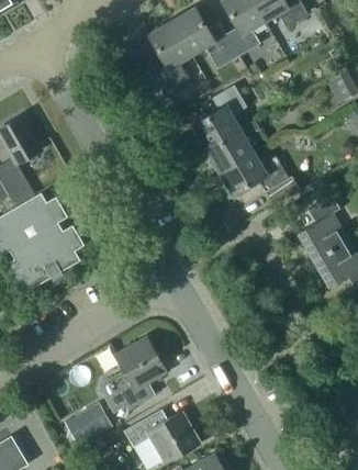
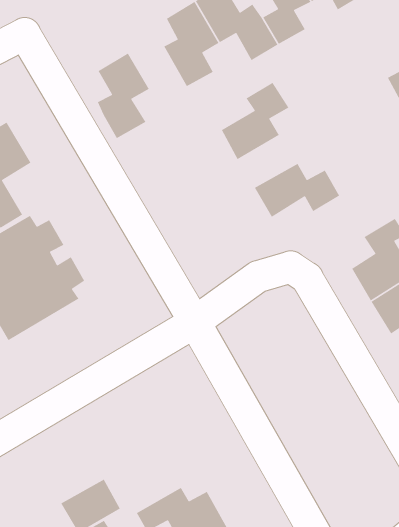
building: none -> [97,53,150,139]
building: [205,120,260,170] -> none
building: [100,337,165,414] -> none

